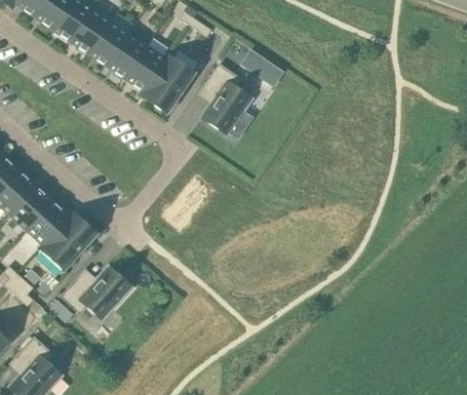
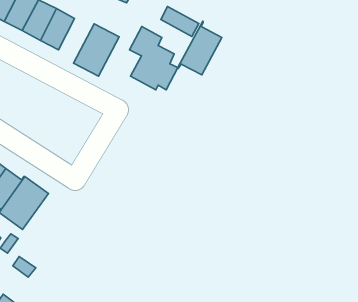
building: [126,47,168,95] -> none
building: none -> [178,21,222,75]
building: [62,267,131,320] -> none

